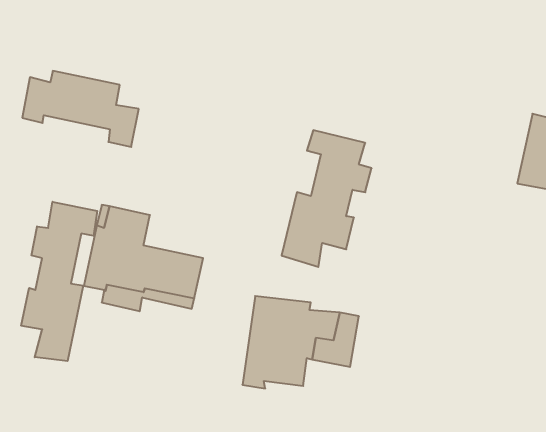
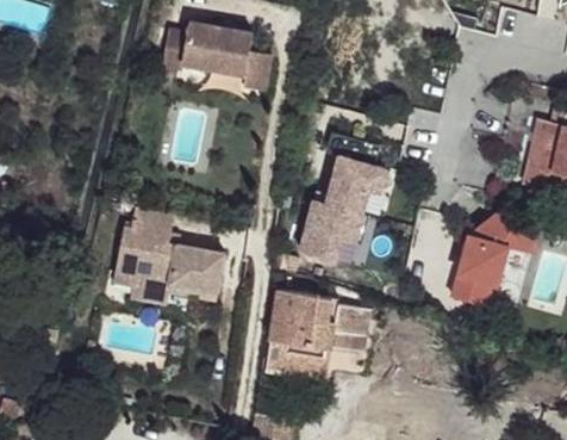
building: [22,71,139,147] -> [166,20,275,92]
building: [21,202,97,361] -> none
building: none -> [450,210,536,306]

